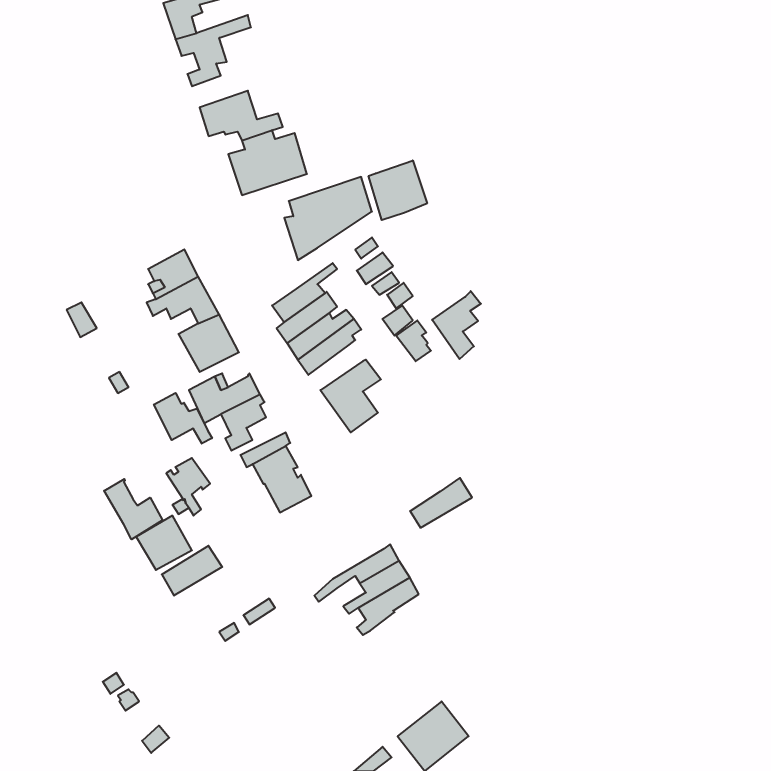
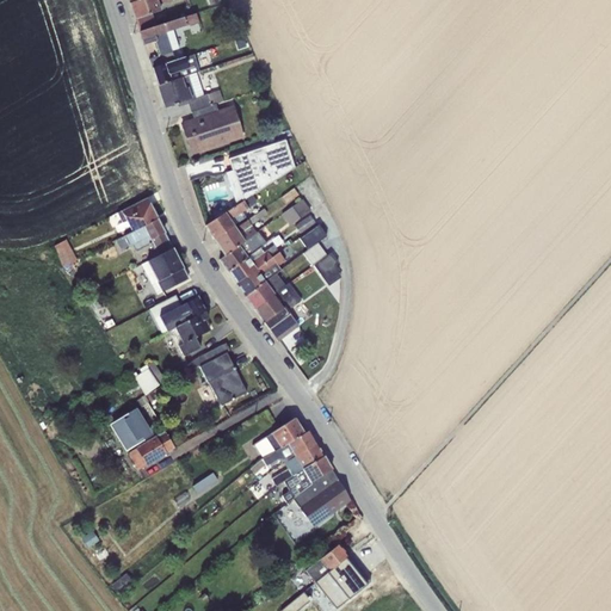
building: none -> [153,54,200,85]
building: [369,160,427,220] -> none
building: none -> [205,196,257,241]
building: [432,291,481,359] -> none
building: none -> [245,272,288,308]
building: [154,393,212,444] -> none
building: [410,478,472,528] -> [255,418,304,457]
building: [104,479,162,539] -> none
building: none -> [294,469,351,525]
building: none -> [307,544,348,581]

